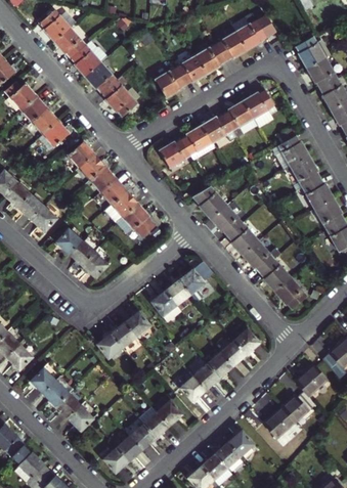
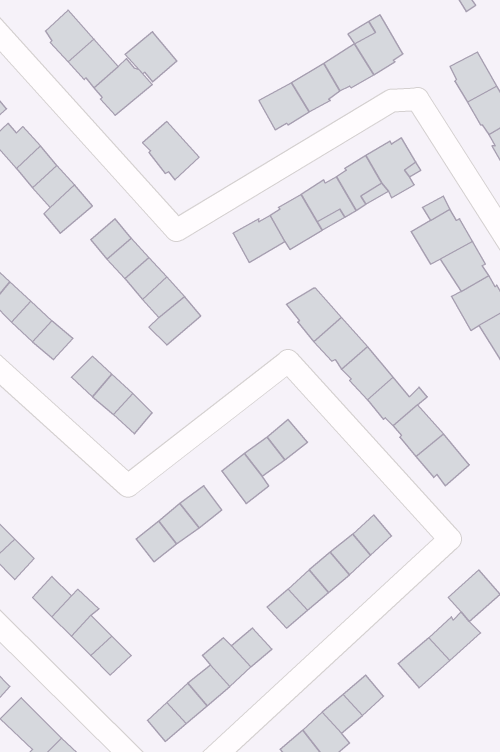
building: [83,61,116,93] -> [125,32,177,82]
building: [154,66,184,98] -> none
building: [116,203,155,236] -> none

